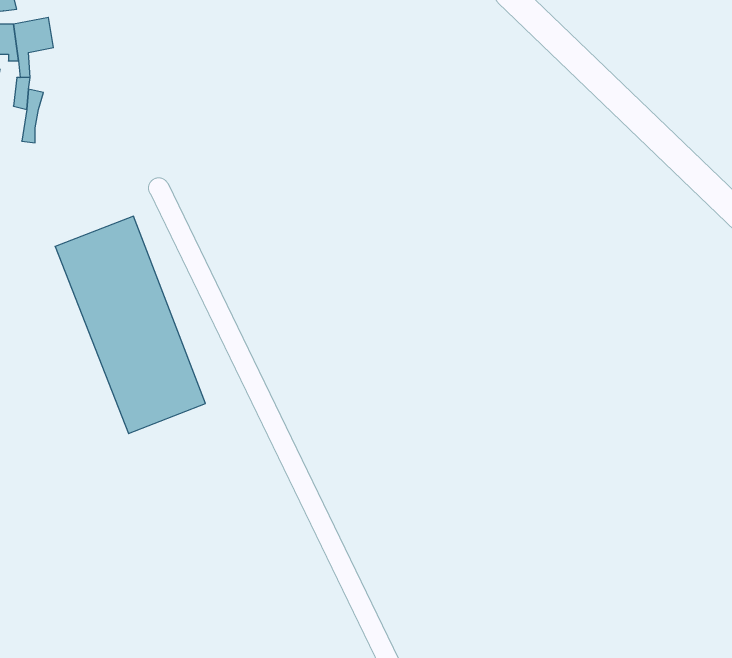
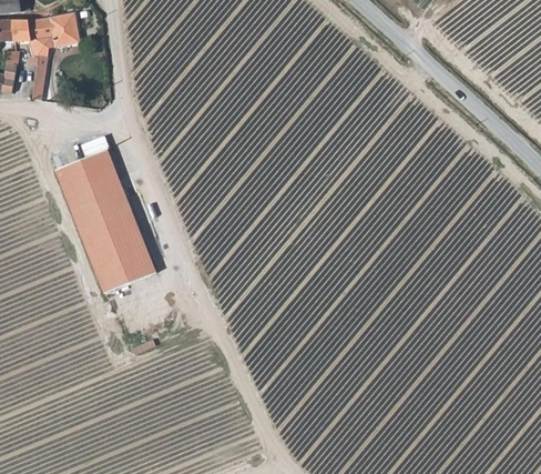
building: none -> [50,13,79,47]

